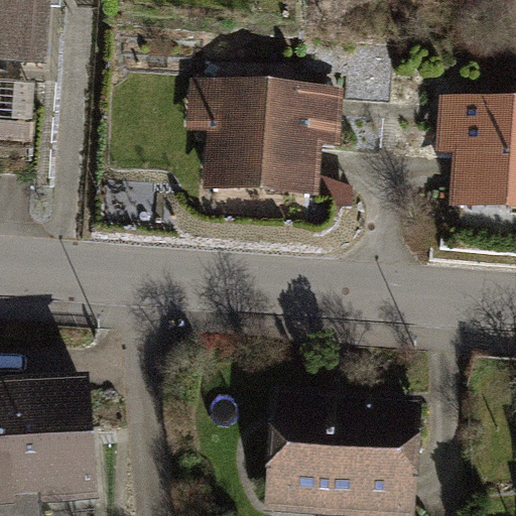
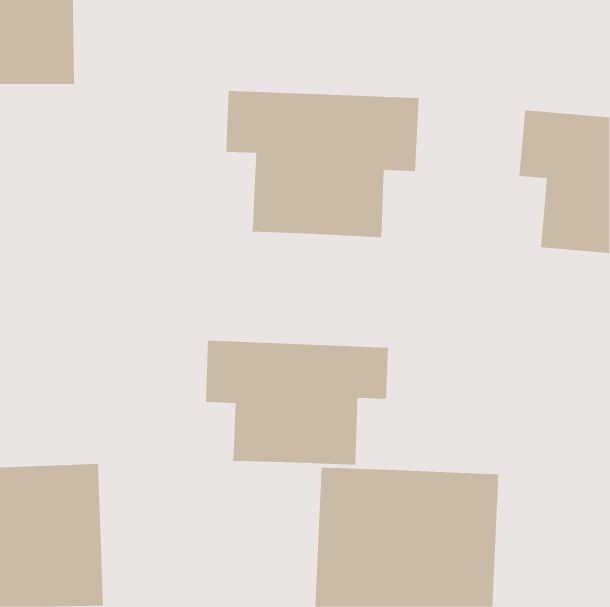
building: none -> [206,340,388,466]

